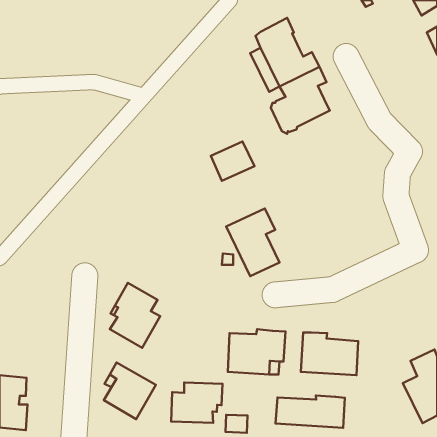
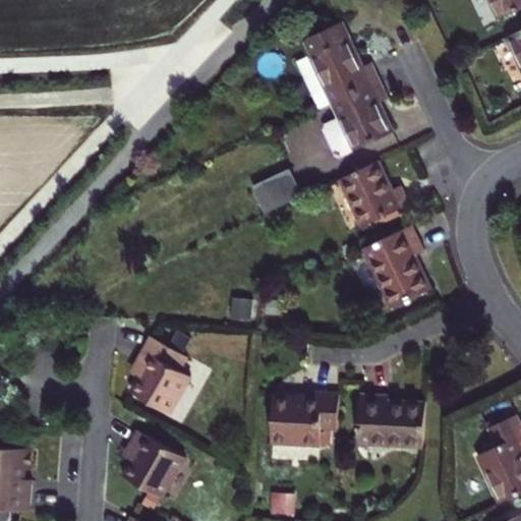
building: none -> [341,163,410,227]
building: [226,208,279,276] -> [365,227,428,307]
building: [171,382,223,423] -> none
building: [276,395,345,428] -> none

